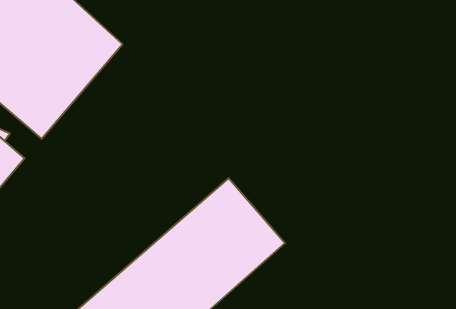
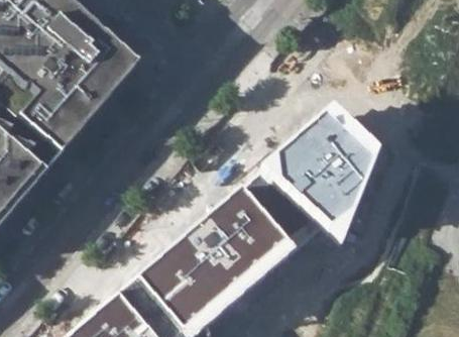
building: none -> [258,106,377,243]

